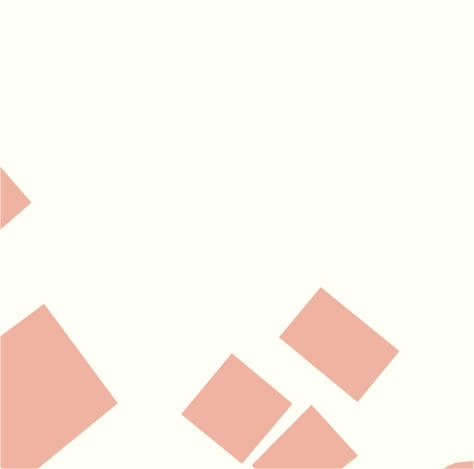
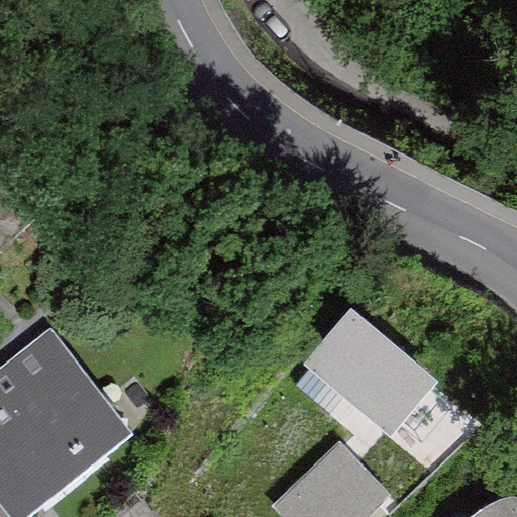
building: [180,352,294,465] -> none

